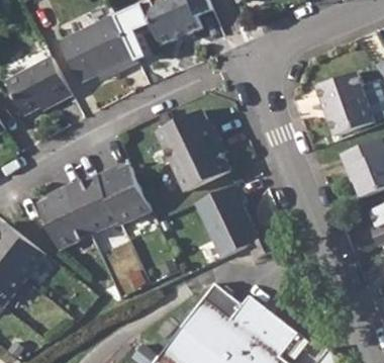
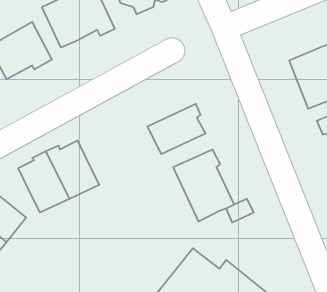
building: [155,107,219,161] -> none
building: [98,165,152,223] -> none

